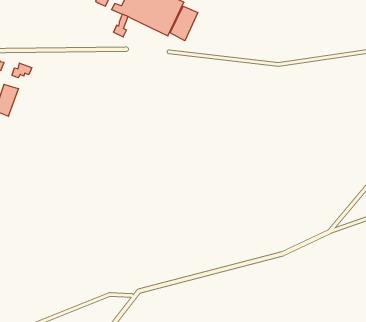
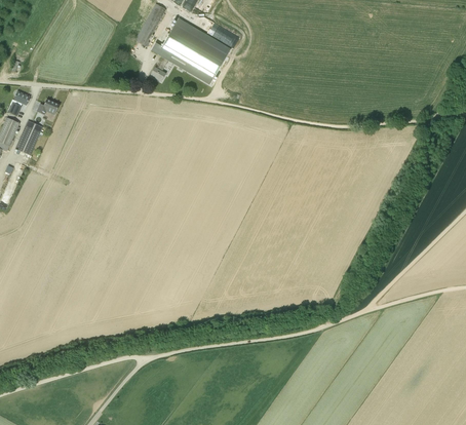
building: [170,6,198,41] -> none

